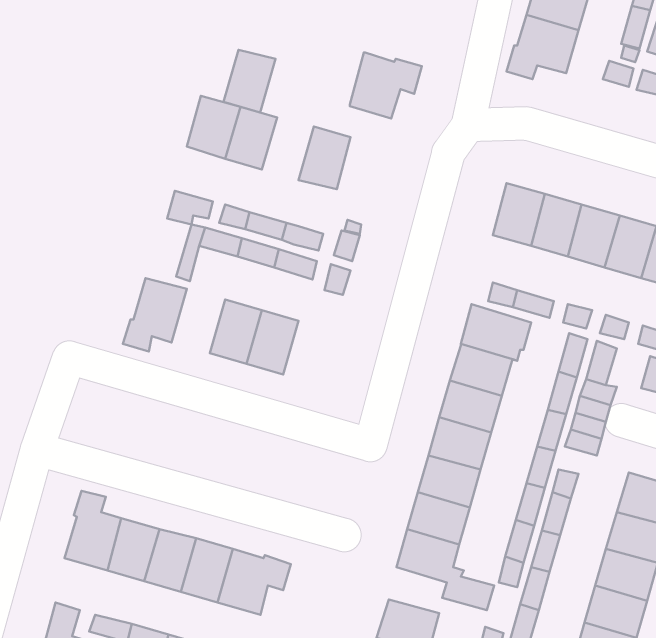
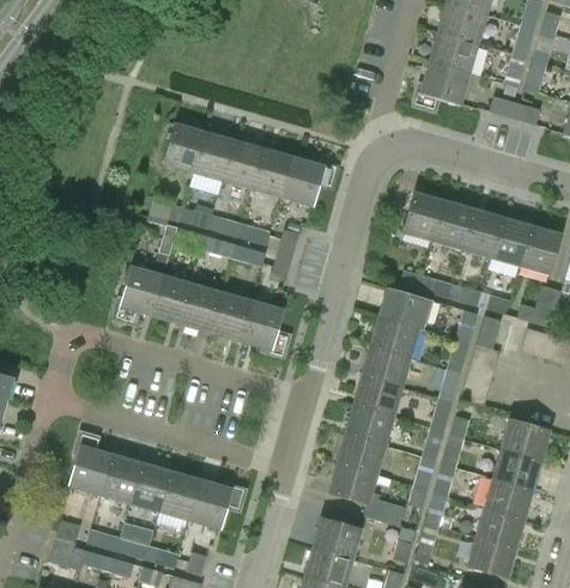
building: [223,50,275,112] -> [223,140,263,189]
building: [350,53,422,118] -> [281,156,338,207]
building: none -> [152,274,194,325]
building: none -> [239,299,290,356]

